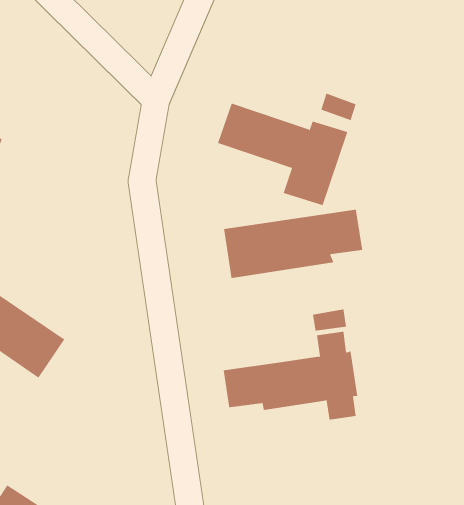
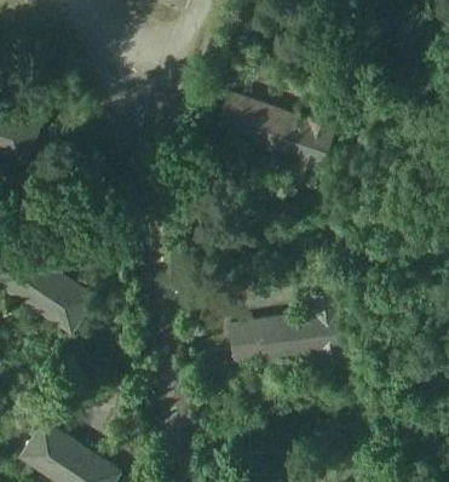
building: [223,209,363,279] -> none

